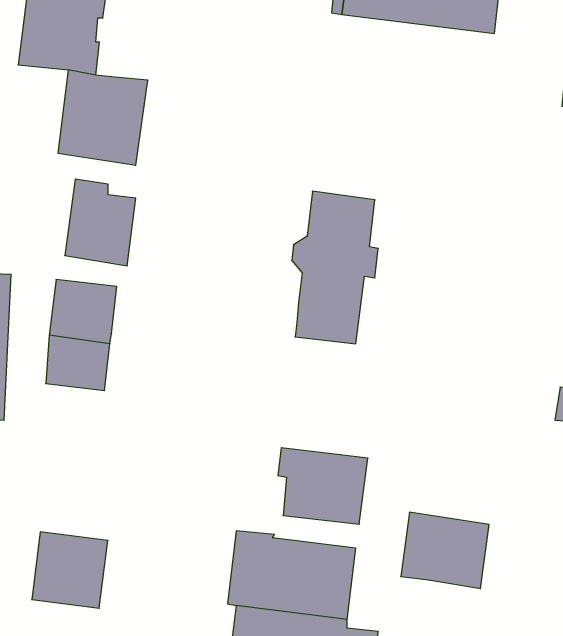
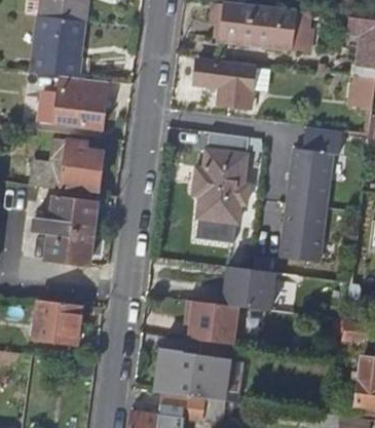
building: none -> [195,59,271,106]
building: none -> [280,124,344,262]
building: [401,512,489,589] -> [222,265,274,310]
building: [32,532,108,608] -> [33,298,78,343]

